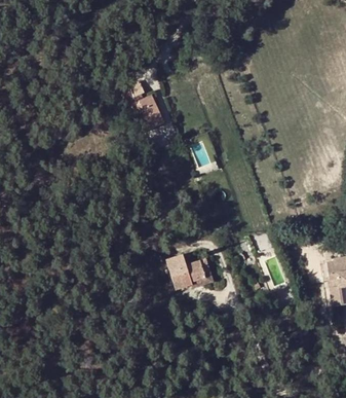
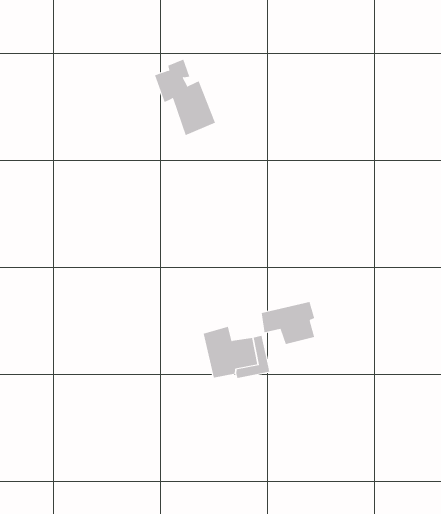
building: none -> [261,301,315,345]

